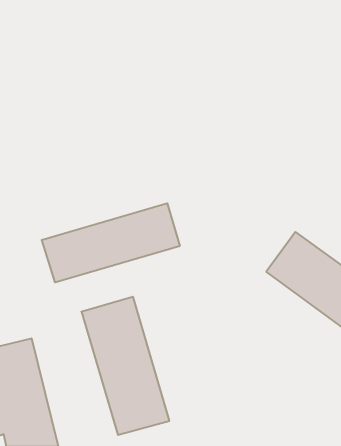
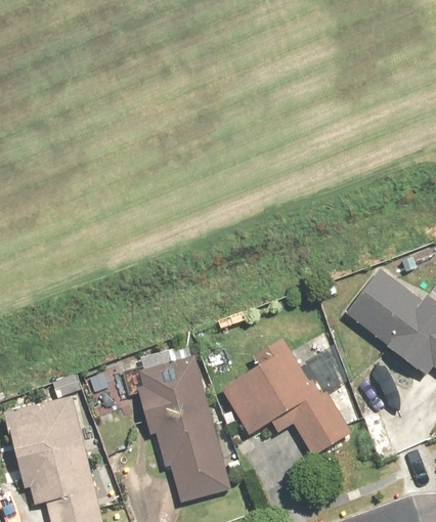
building: [42,203,180,282] -> none
building: none -> [217,337,353,462]

